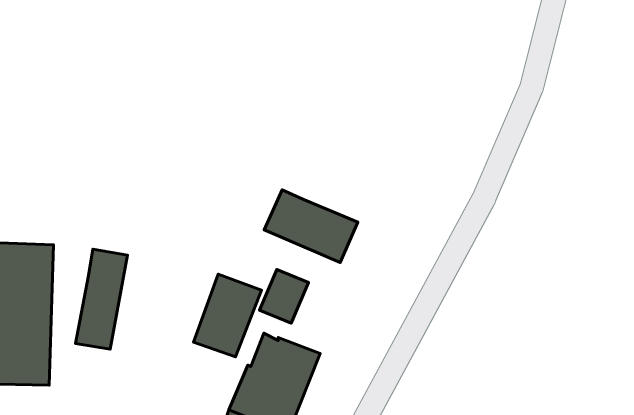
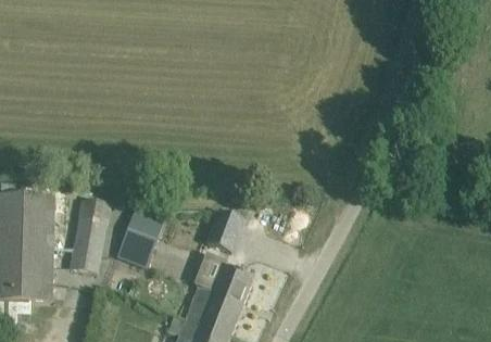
building: [264,190,358,262] -> none
building: [193,274,262,357] -> [116,202,167,264]

